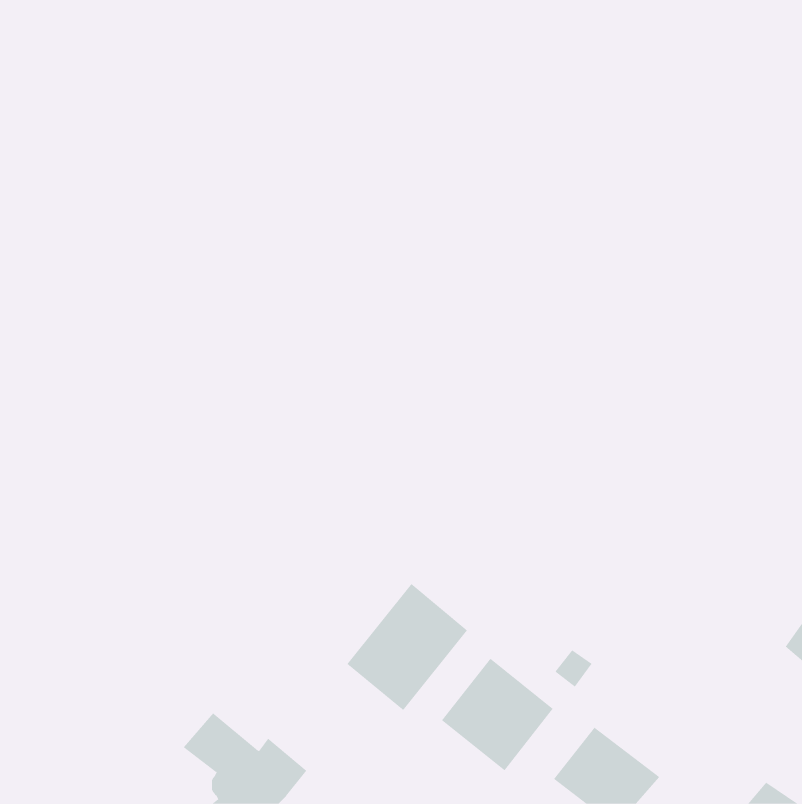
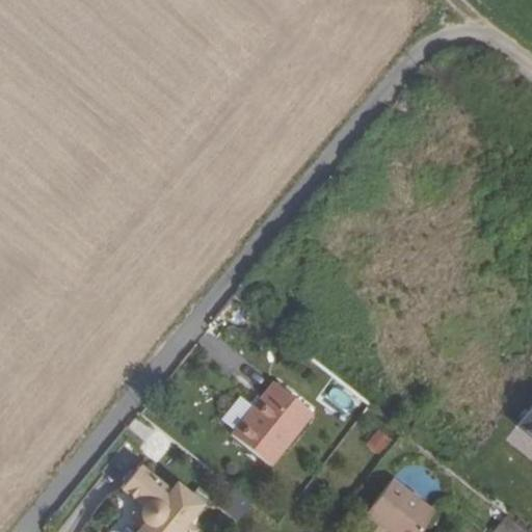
building: [441,658,554,771] -> none

